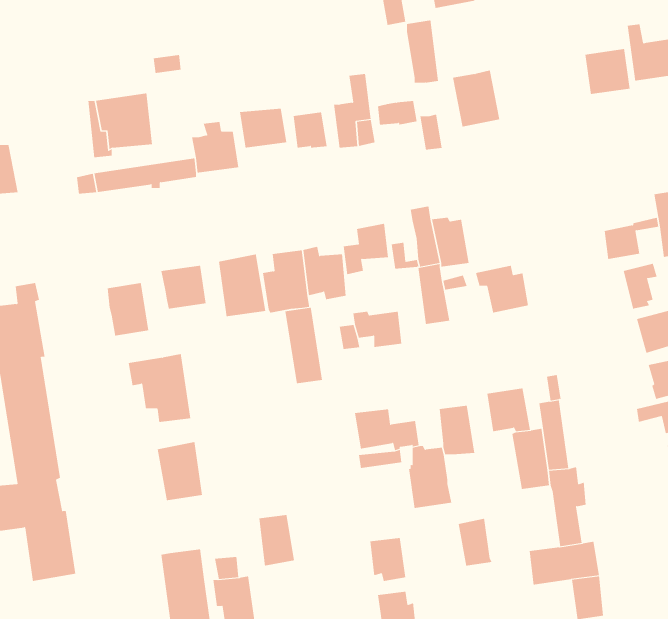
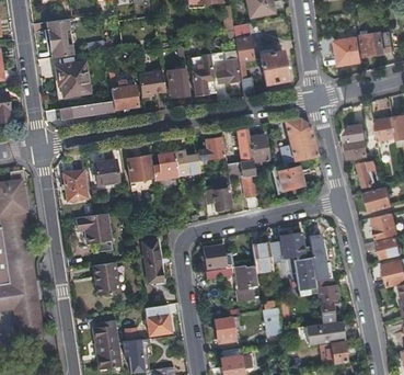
building: none -> [45,19,73,57]
building: none -> [279,118,318,163]
building: [285,307,323,384] -> [141,238,163,282]

